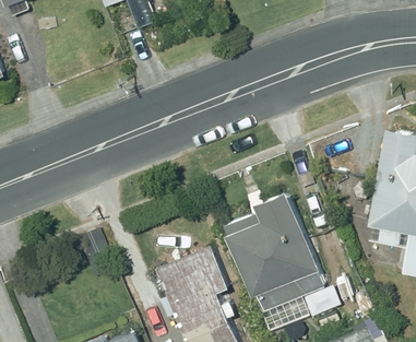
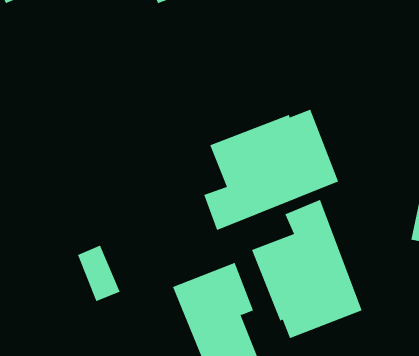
building: none -> [204,109,339,231]

